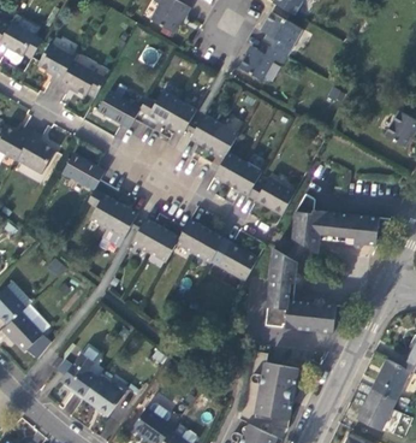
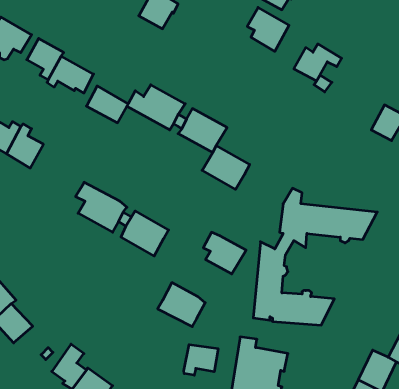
building: [239,43,287,81] -> [294,44,342,81]
building: [61,154,106,193] -> none
building: [248,178,295,217] -> none
building: [176,220,224,265] -> [158,283,205,327]
building: none -> [184,345,218,375]

